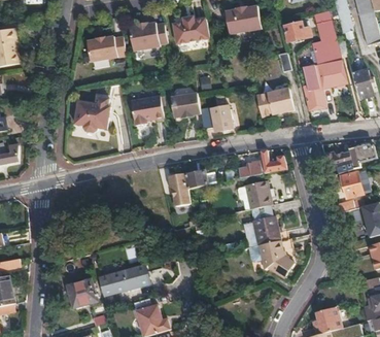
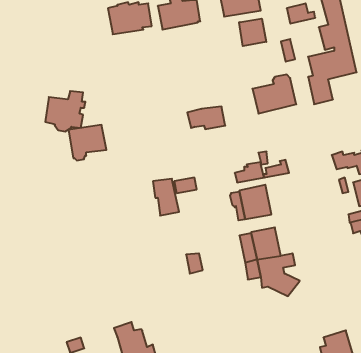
building: [88,33,127,59] -> none
building: none -> [239,19,266,46]
building: [170,93,199,117] -> none
building: [131,96,164,127] -> [68,125,106,160]
building: [100,265,149,295] -> none
building: [67,279,97,308] -> none

